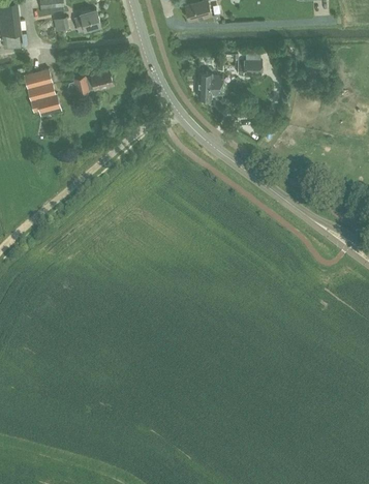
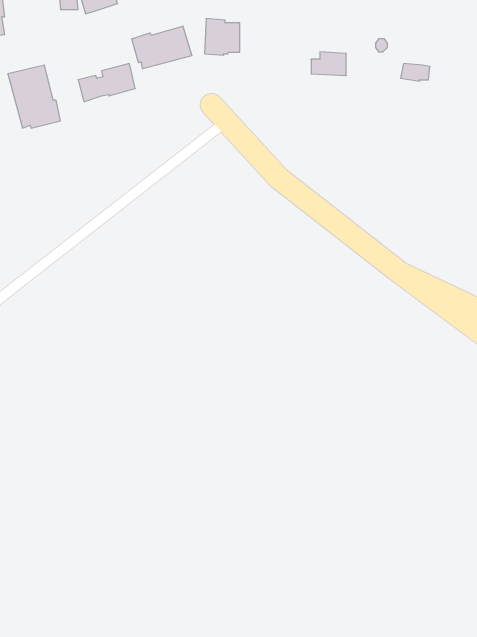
building: none -> [132,26,192,69]
building: [197,72,222,98] -> [205,19,240,55]

